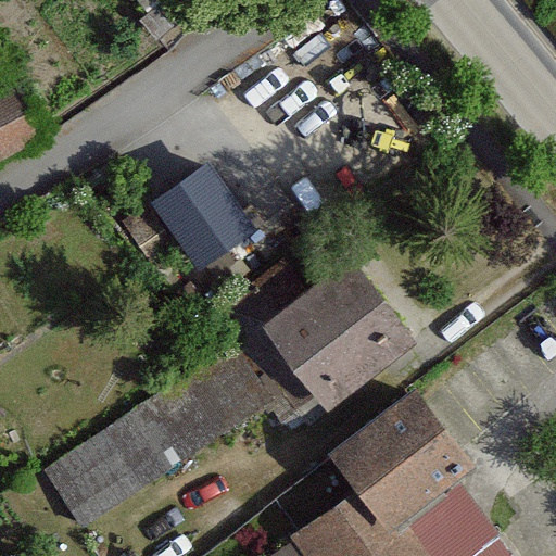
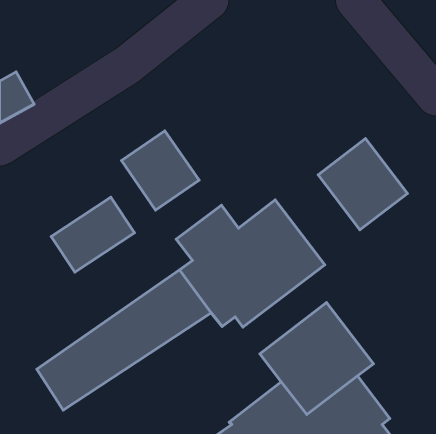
building: none -> [318,138,407,230]
building: none -> [51,197,134,272]

